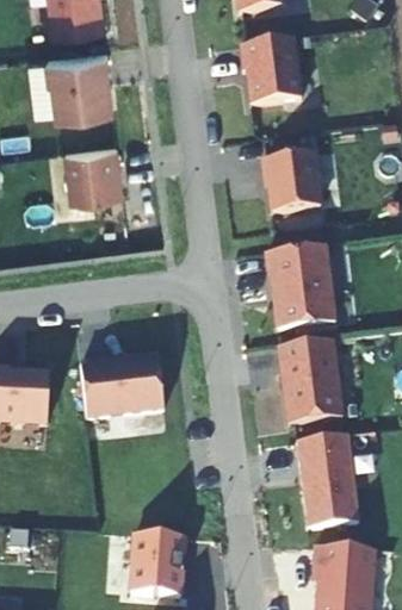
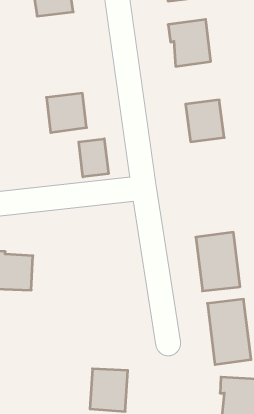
building: [48,46,113,112] -> none
building: none -> [79,139,108,177]
building: [266,244,335,331] -> none
building: [79,357,162,417] -> none

